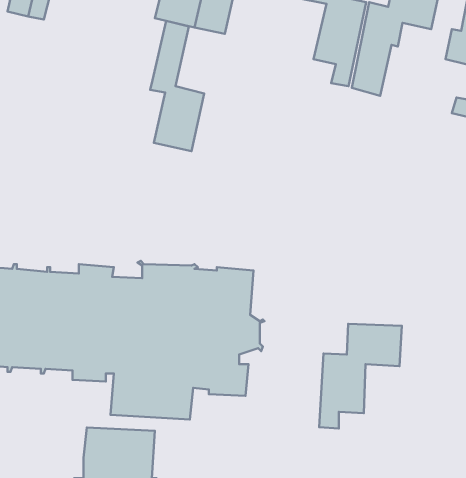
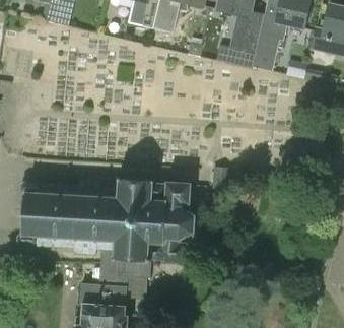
building: [150,21,204,151] -> none
building: [319,324,402,429] -> none

